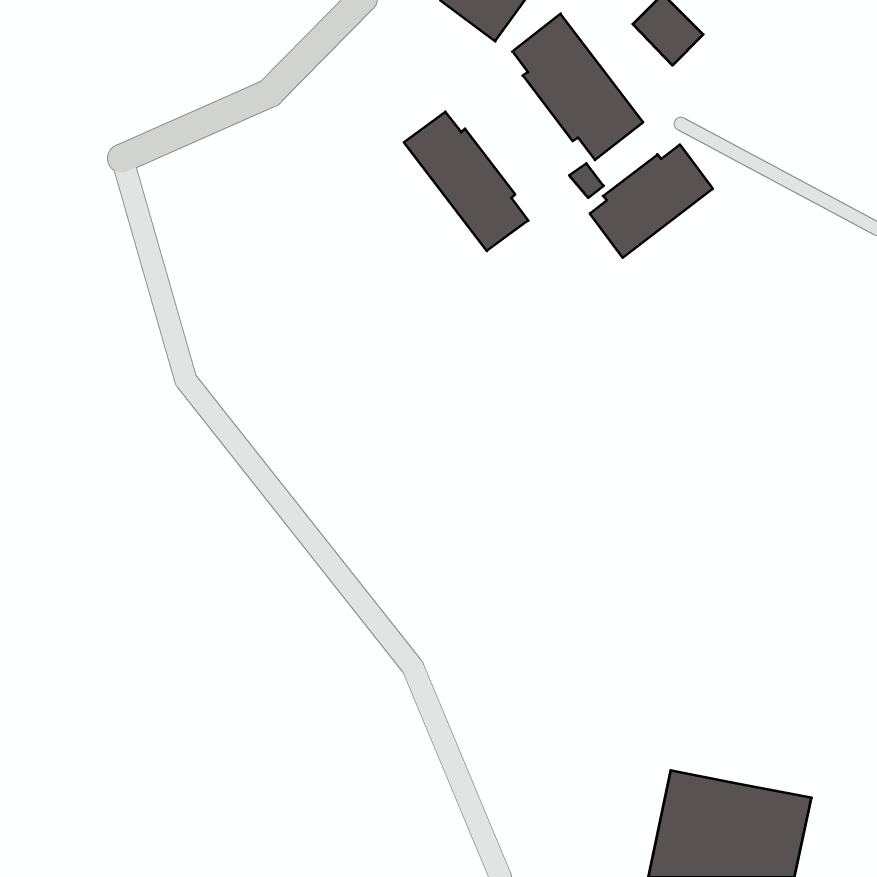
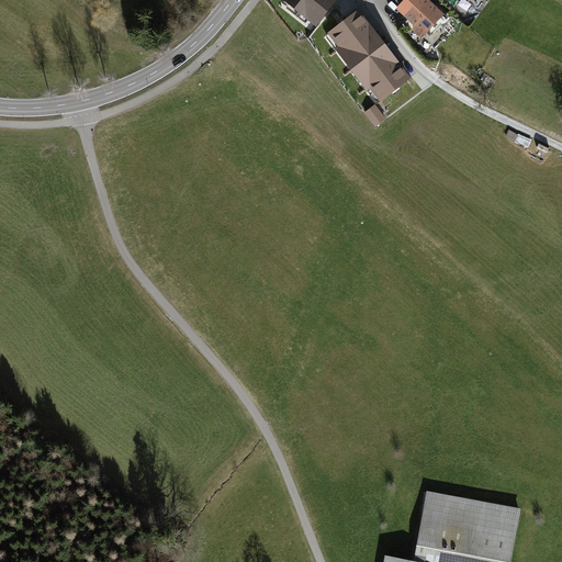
building: [404,112,528,251] -> none
building: [590,145,713,258] -> none

